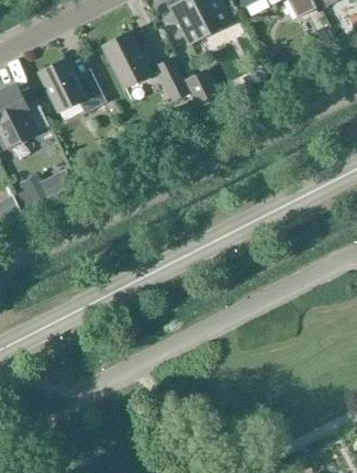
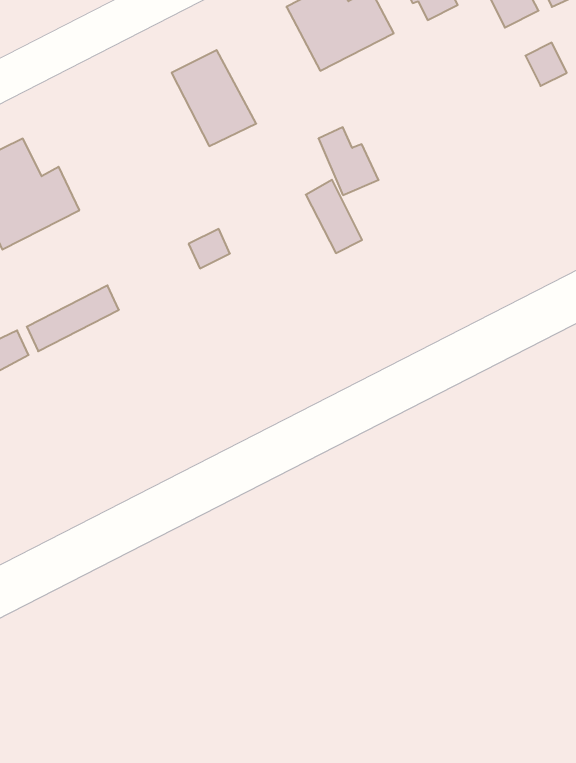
building: [155,57,188,100] -> [306,180,362,253]
building: [37,58,107,113] -> none

